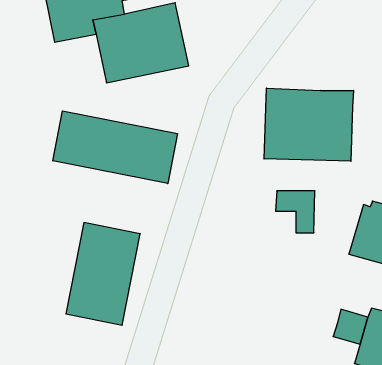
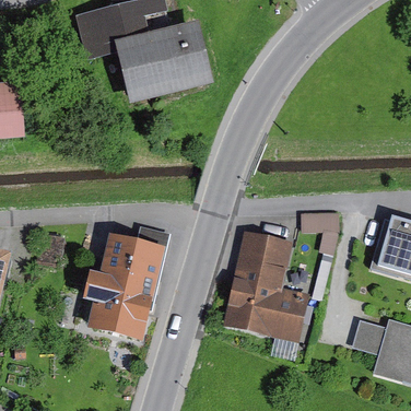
building: [264,88,353,161] -> none
building: [53,111,177,184] -> none
building: none -> [225,232,309,339]

